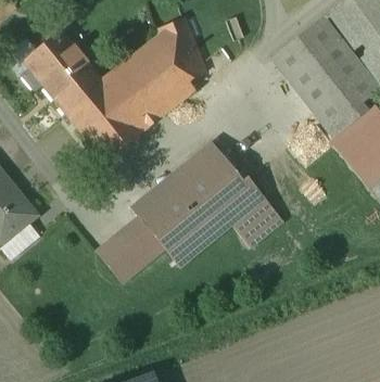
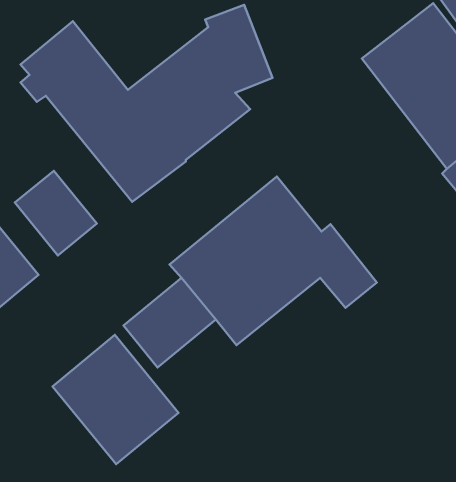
building: none -> [15,171,97,255]
building: none -> [52,335,179,464]

